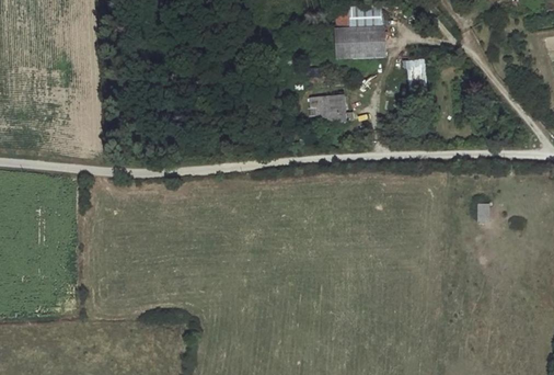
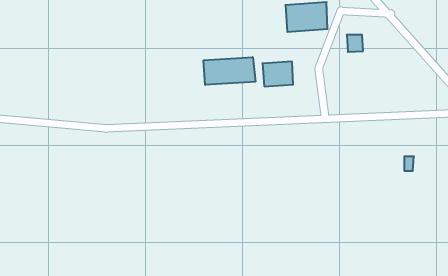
building: none -> [204,57,255,85]

